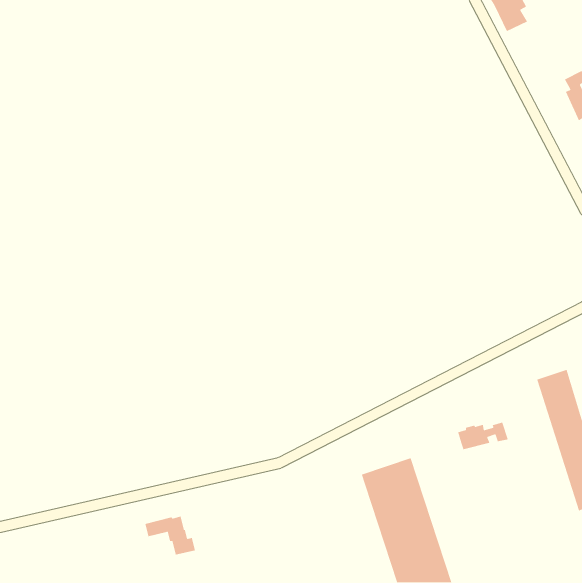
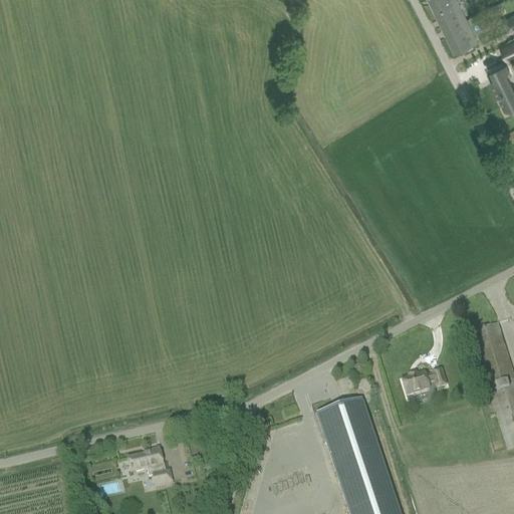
building: none -> [447,19,481,51]

